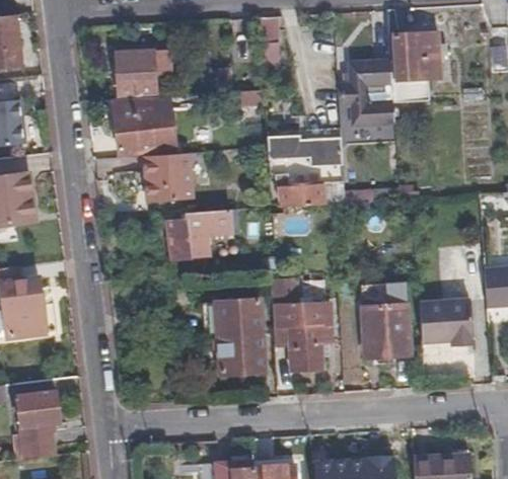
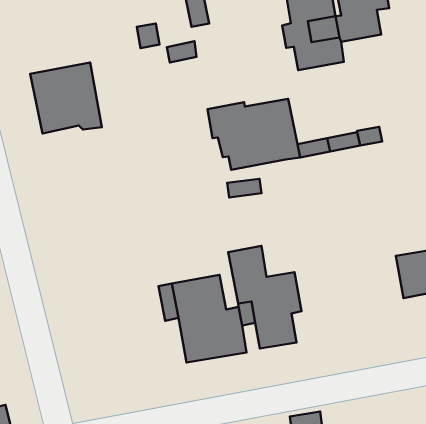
building: [119,54,174,95] -> none
building: [146,153,192,202] -> none
building: [168,212,232,277] -> none
building: [363,285,410,357] -> none

